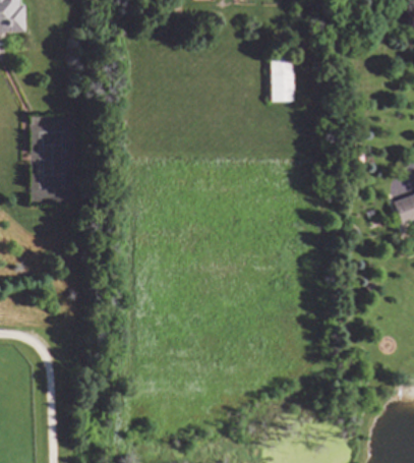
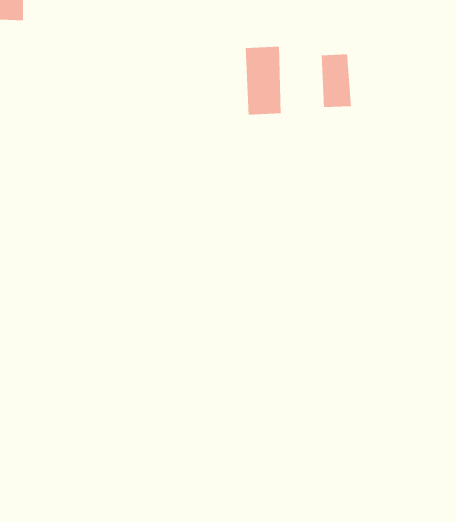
building: none -> [245,46,282,116]

